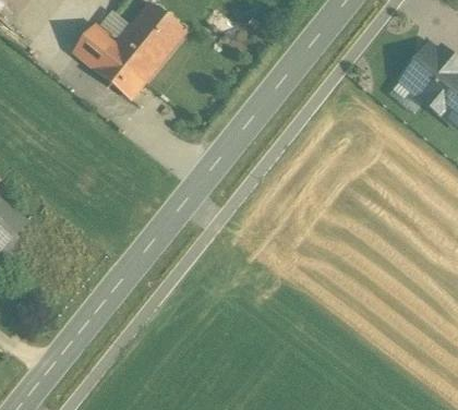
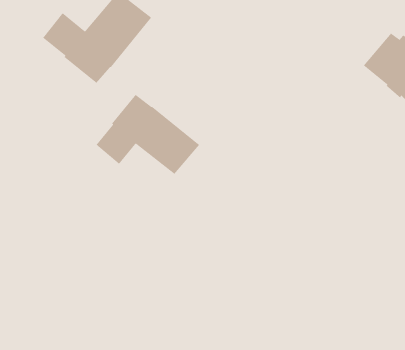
building: none -> [95,94,200,175]

